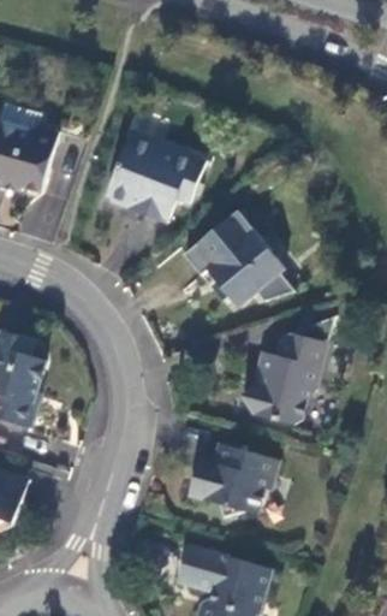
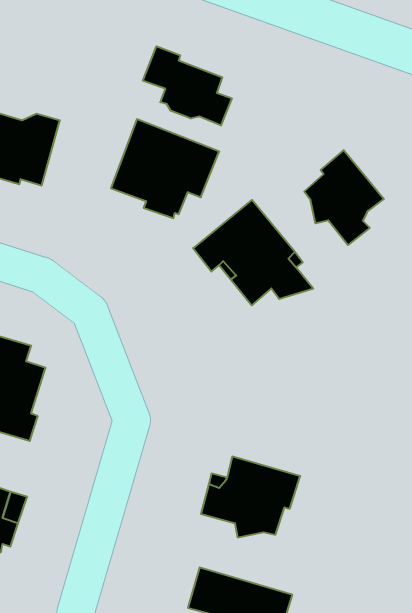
building: none -> [143,46,232,126]
building: none -> [304,150,384,245]
building: [242,333,328,425] -> none

